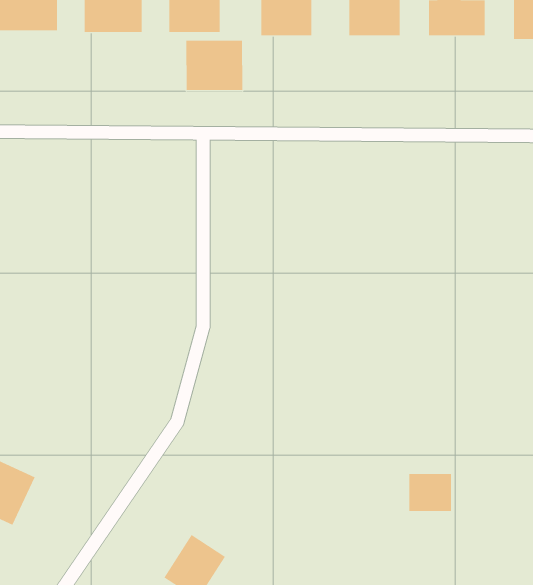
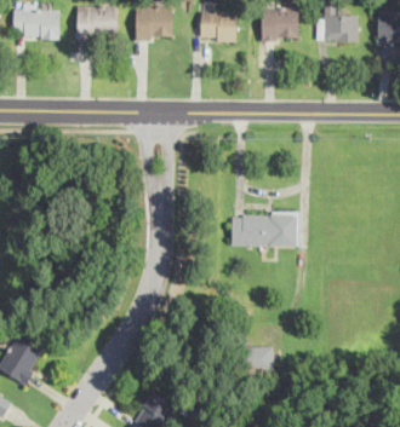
building: [186,40,243,91] -> none
building: none -> [230,213,298,248]
building: [408,473,452,512] -> [242,346,273,373]

